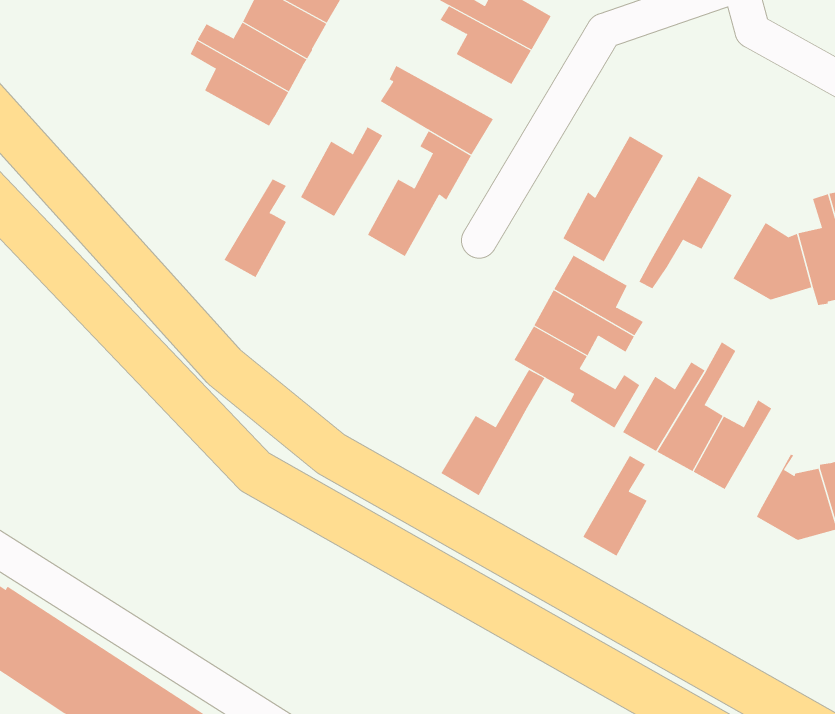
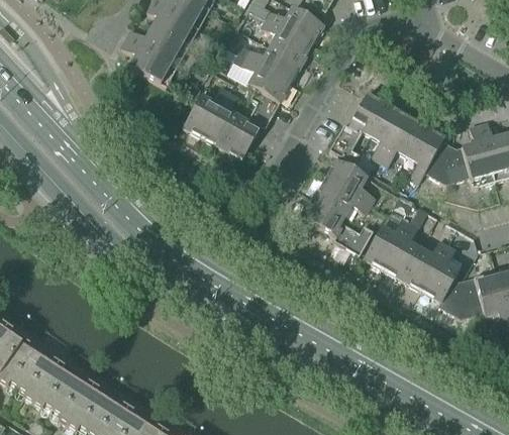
building: none -> [237,42,302,81]
building: none -> [369,101,406,158]
building: [223,179,287,278] -> [203,90,238,145]
building: none -> [408,123,445,181]
building: [441,369,545,496] -> none
building: [582,455,648,557] -> [421,242,457,299]

